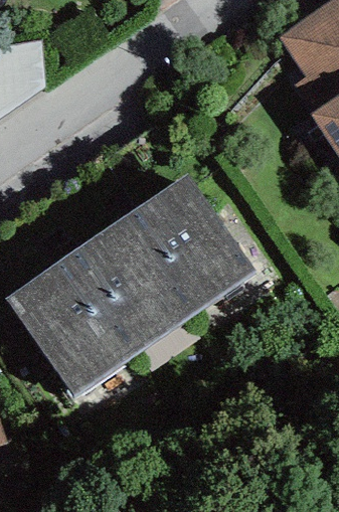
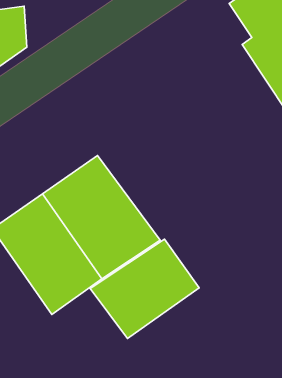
building: [125,170,257,311] -> none
building: none -> [90,239,199,338]

